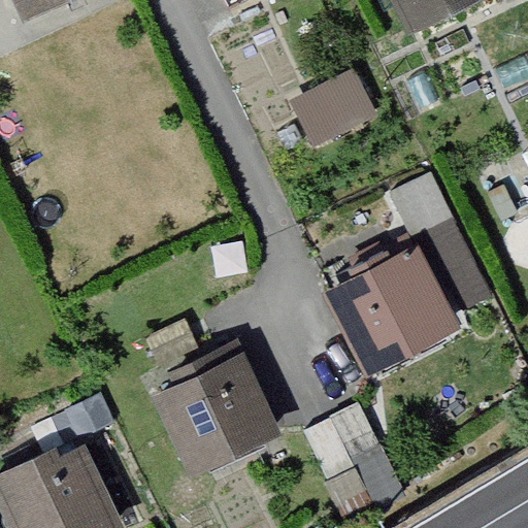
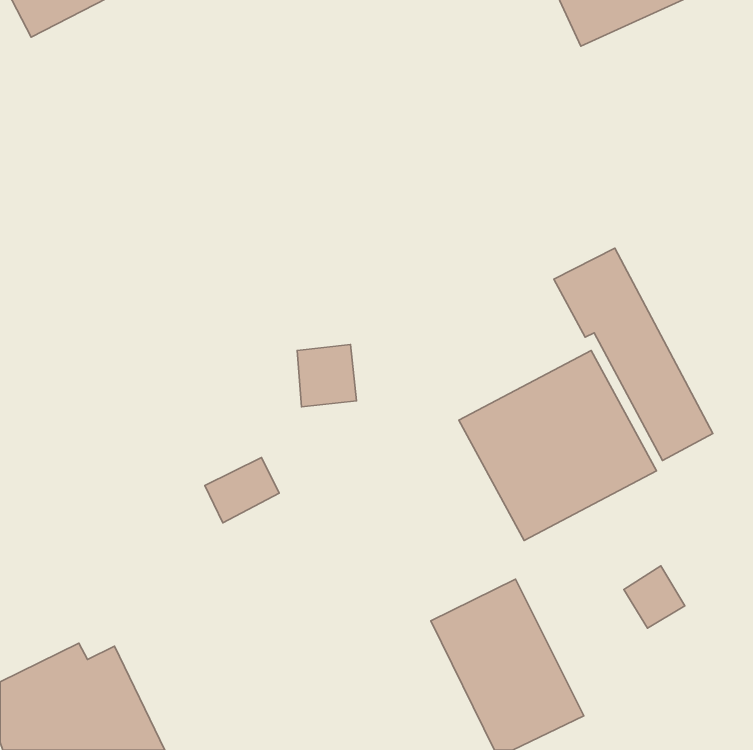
building: [290,65,380,146] -> none
building: [146,346,279,482] -> none

